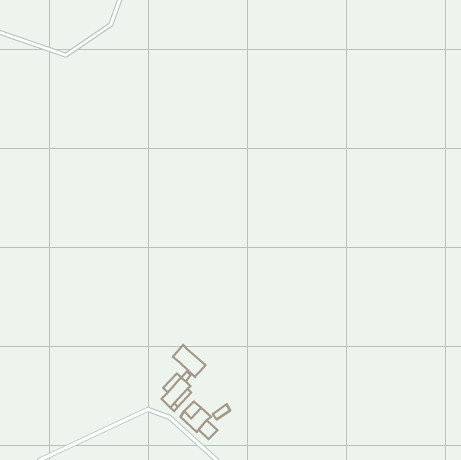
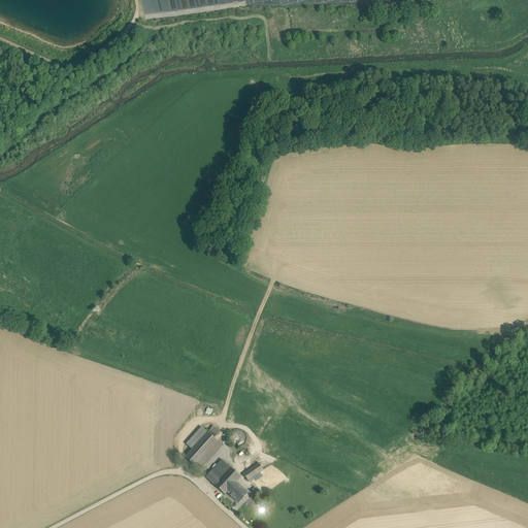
building: [173,345,205,377] -> none

